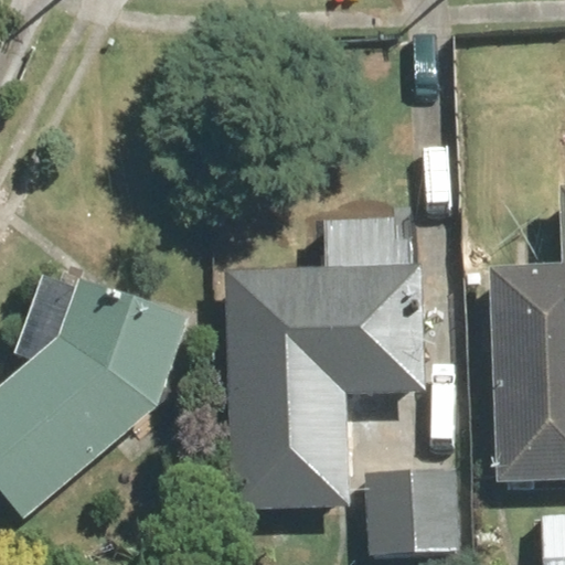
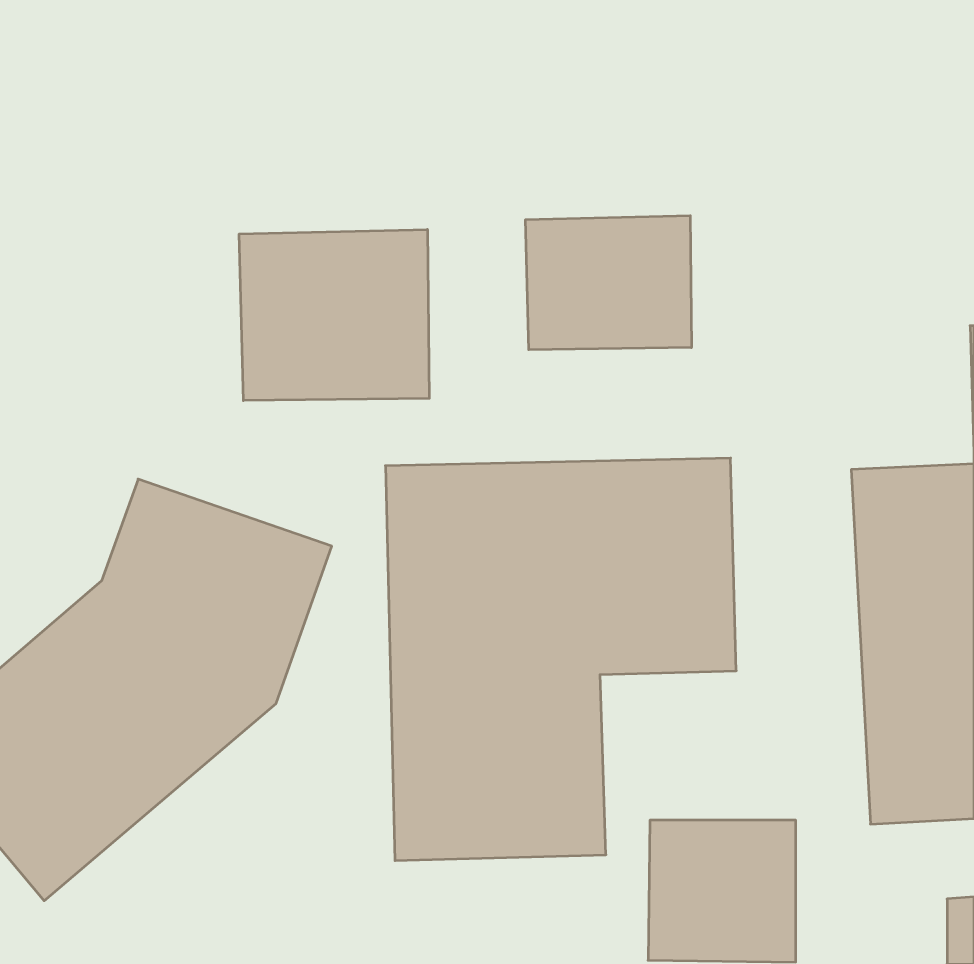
building: none -> [526,216,691,350]
building: none -> [239,229,429,401]

